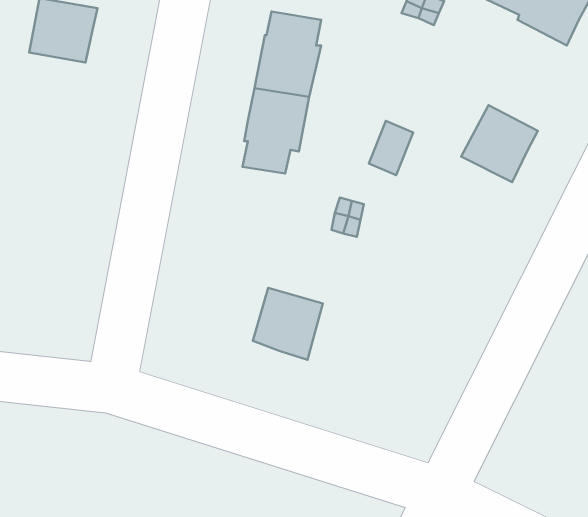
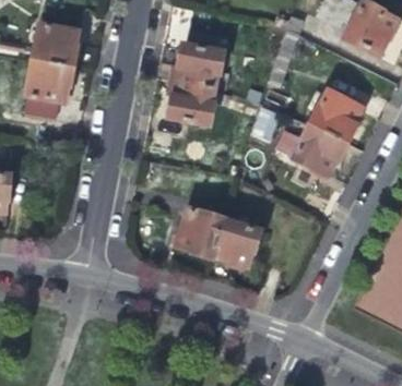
building: none -> [25,60,72,120]
building: none -> [275,122,345,176]
building: none -> [214,220,258,266]

